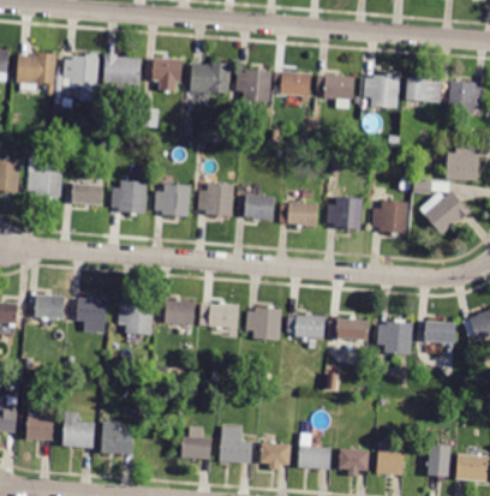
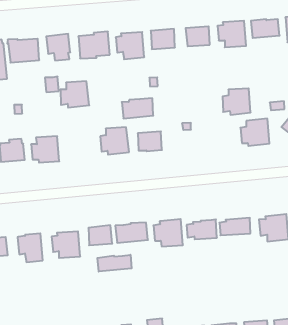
building: [154,184,190,216] -> [60,81,89,108]
building: [327,197,363,229] -> [223,88,251,115]
building: [279,202,318,226] -> [122,98,153,118]
building: none -> [97,255,132,272]

